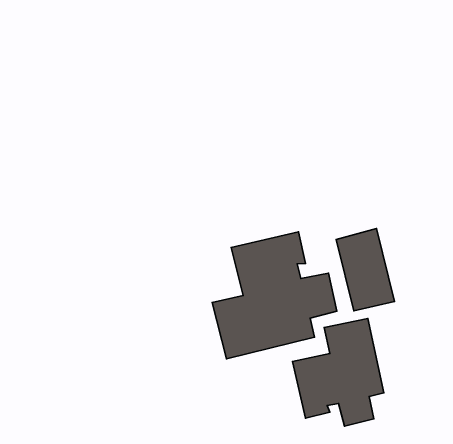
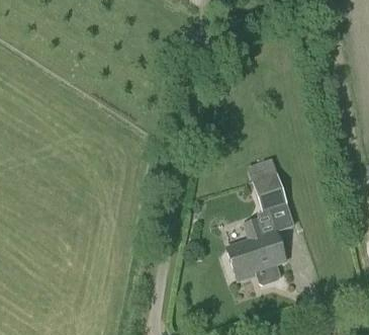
building: [212,232,337,359] -> none

